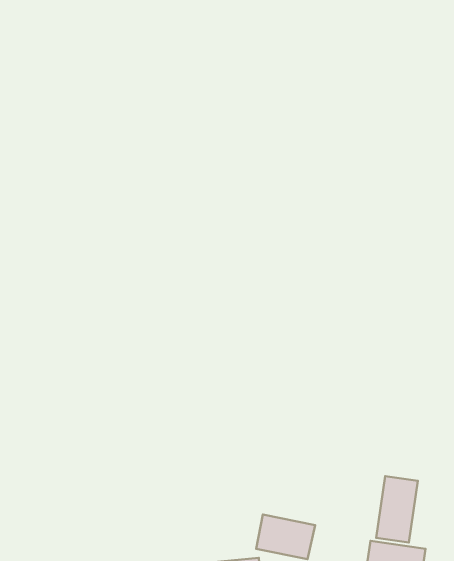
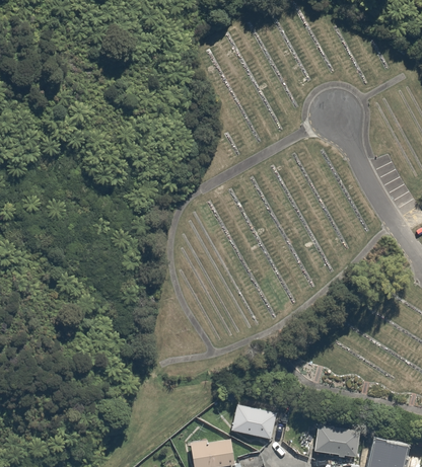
building: [376,476,418,542] -> none

